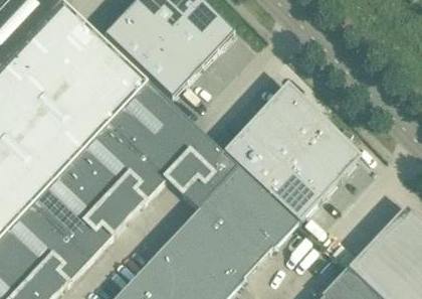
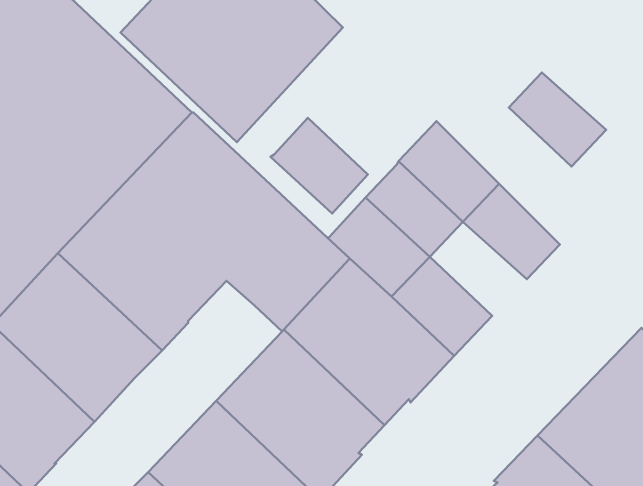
building: none -> [270,118,368,214]
building: [283,144,340,198] -> [509,73,606,166]

